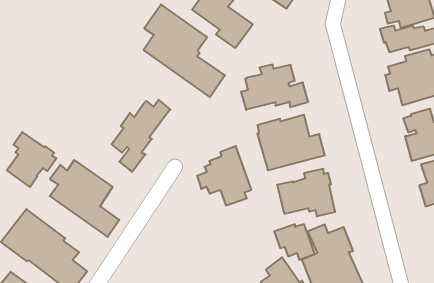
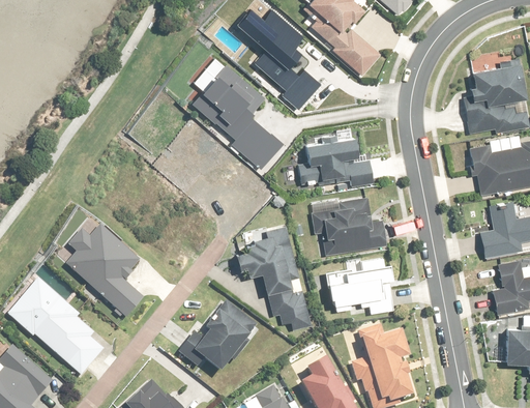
building: [112,100,170,172] -> none
building: [7,132,56,187] -> none
building: none -> [179,300,257,372]
building: [274,224,315,260] -> [268,289,313,330]

